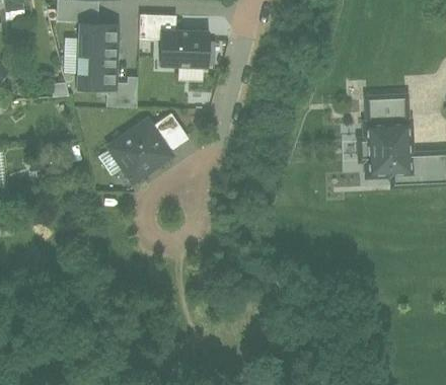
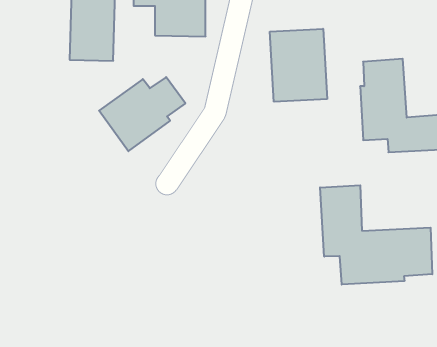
building: none -> [270,29,327,102]
building: none -> [320,185,432,285]

